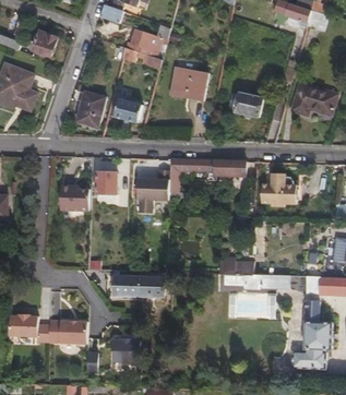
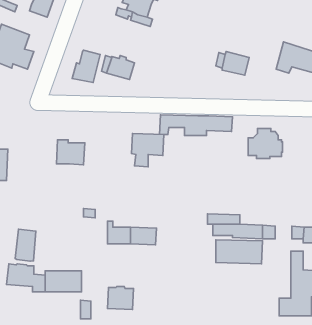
building: [169,67,208,98] -> none
building: [96,170,119,194] -> none
building: none -> [15,229,36,261]

